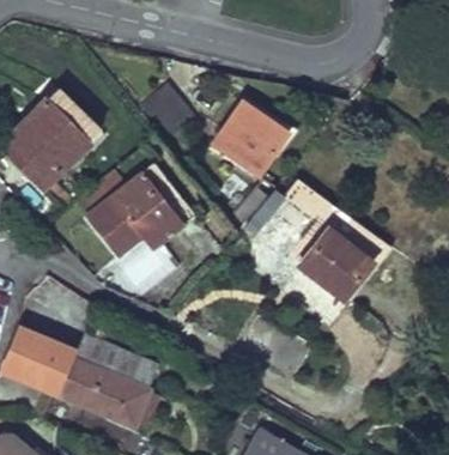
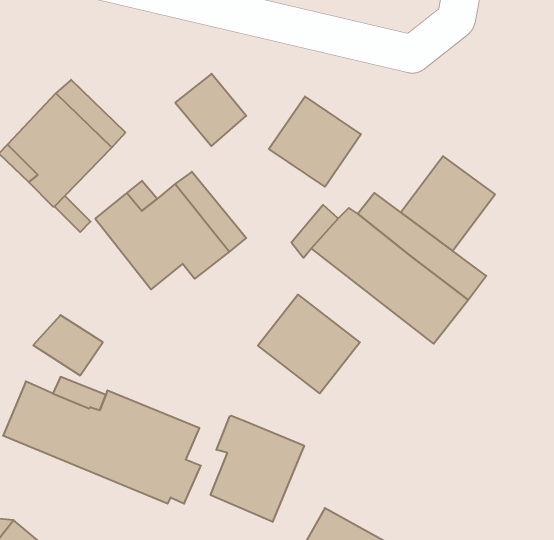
building: none -> [401,156,495,251]
building: none -> [258,295,360,393]
building: none -> [211,416,304,522]

